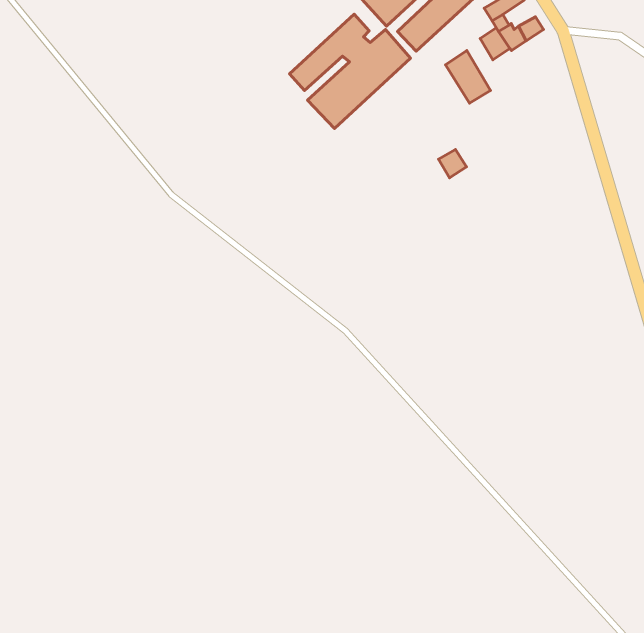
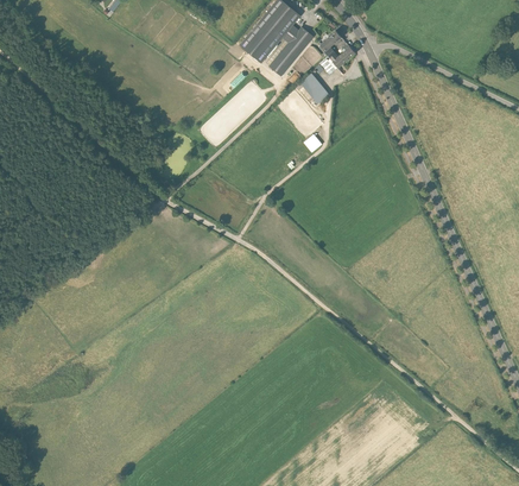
building: [290,14,410,129] -> none

